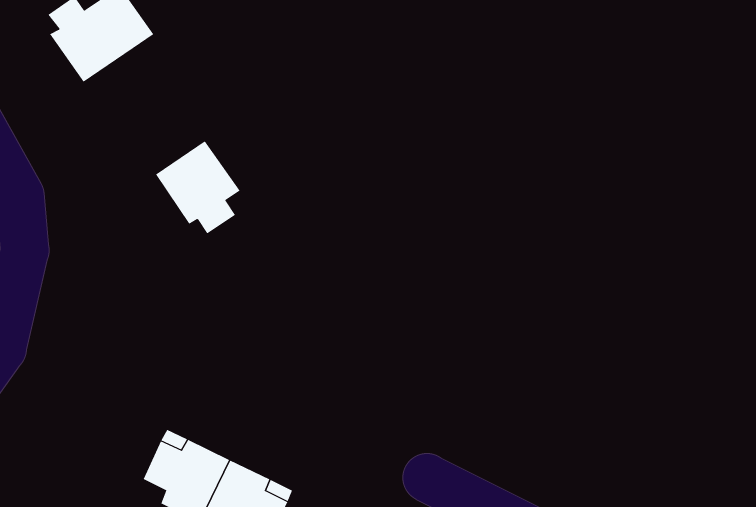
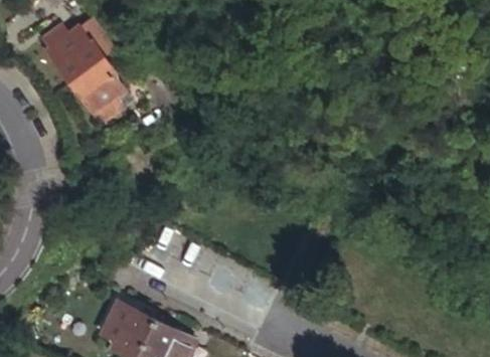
building: [155,141,241,234] -> [65,62,119,121]

